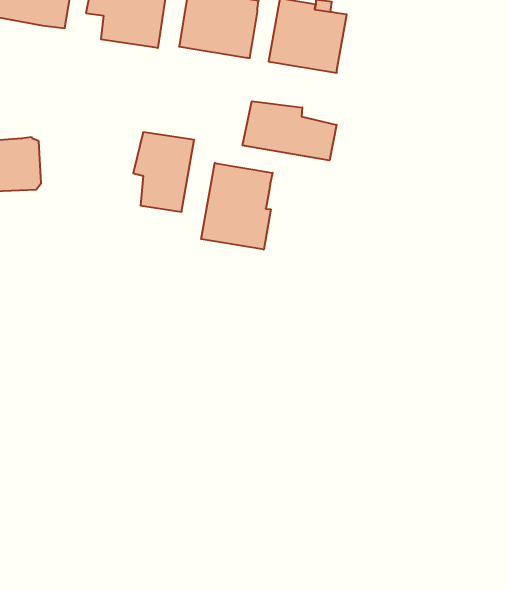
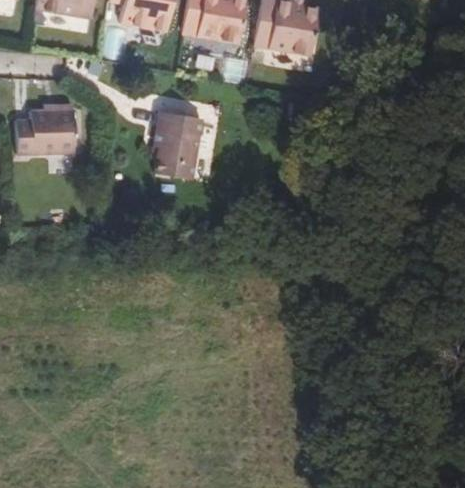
building: [243,101,337,160] -> none
building: [201,163,273,250] -> none

